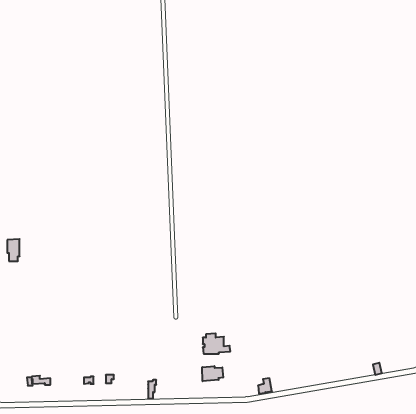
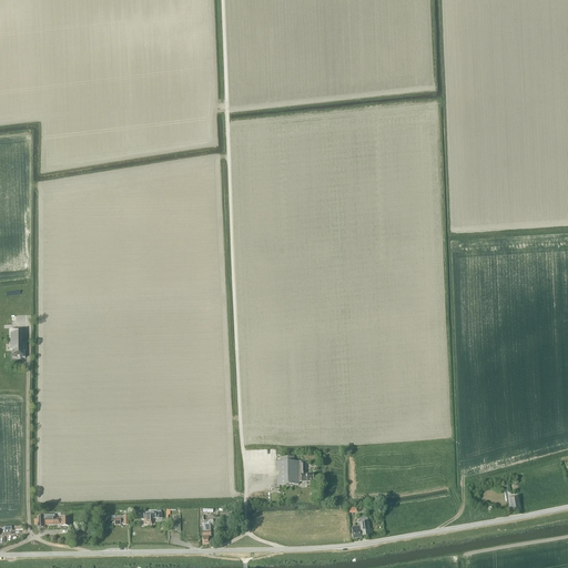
building: [202,366,223,381] -> none

